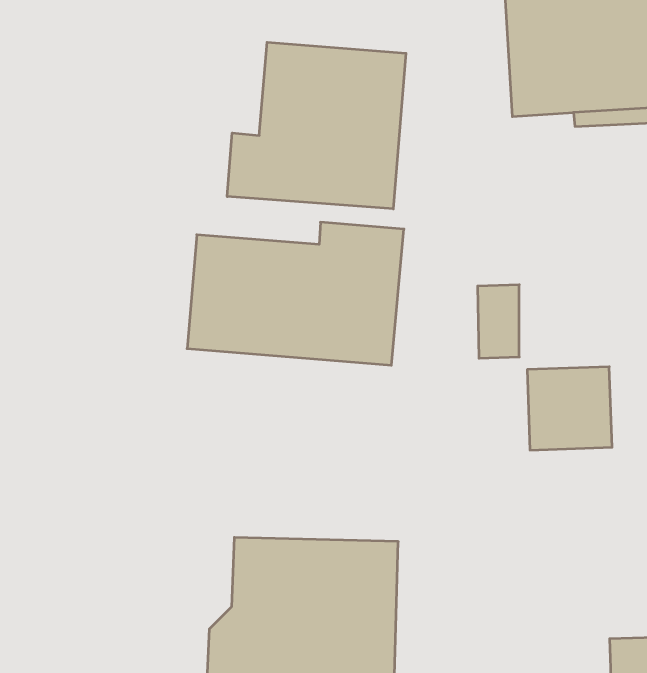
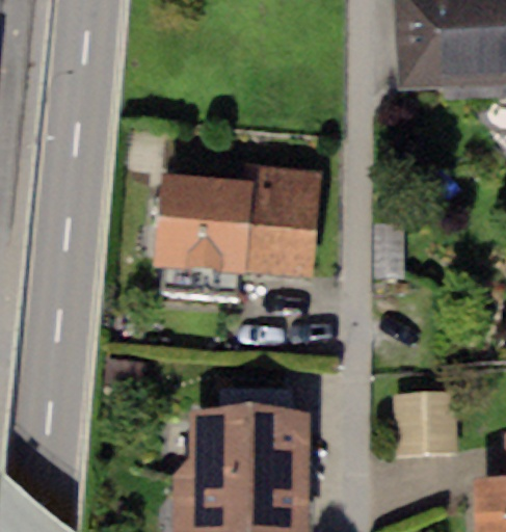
building: [227,42,406,209] -> none
building: [527,367,612,450] -> [395,390,458,452]

